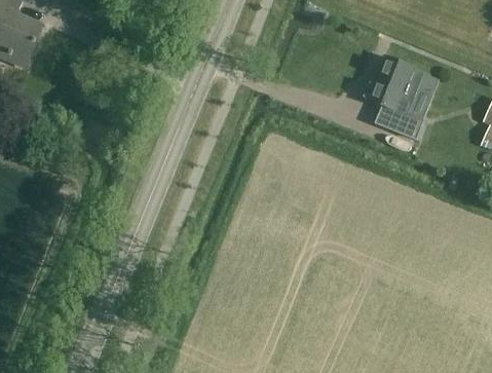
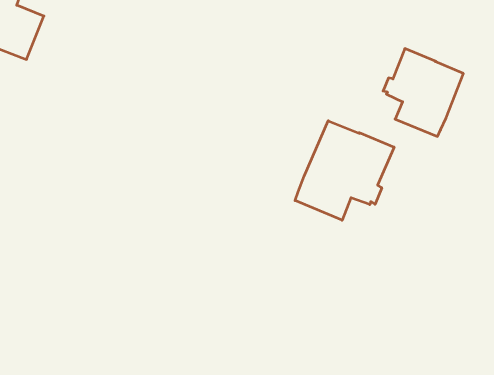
building: none -> [295,121,394,220]

